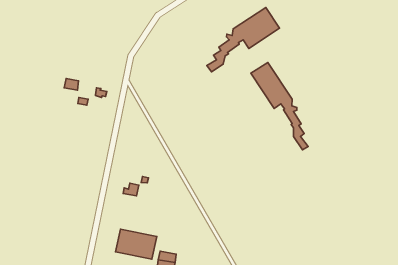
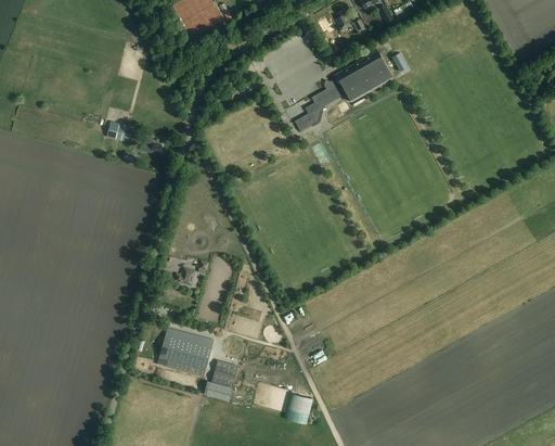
building: [251,62,308,150] -> none

